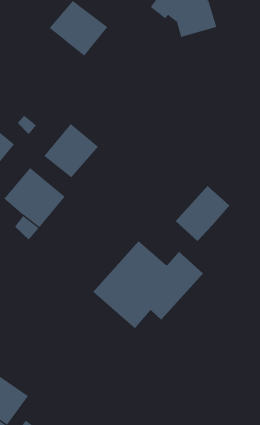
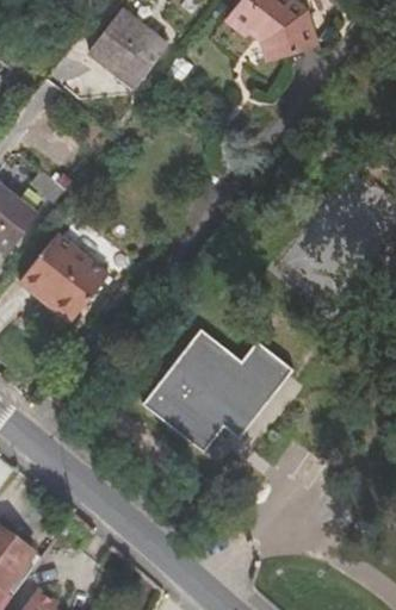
building: [44,123,99,178] -> none
building: [175,185,230,242] -> none

